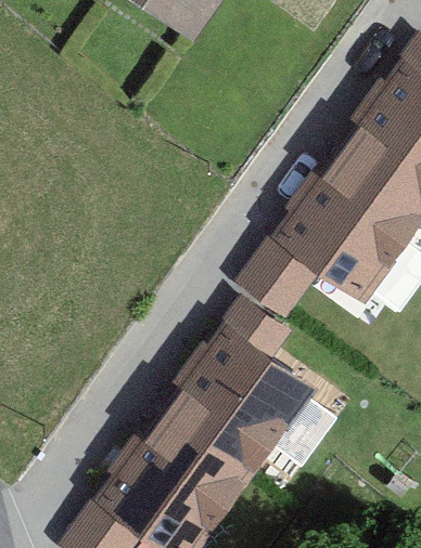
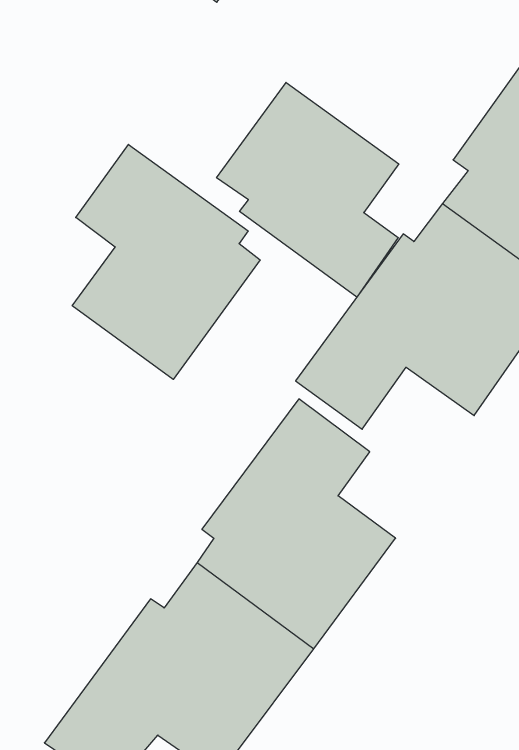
building: none -> [217,82,399,297]
building: none -> [72,144,260,379]

